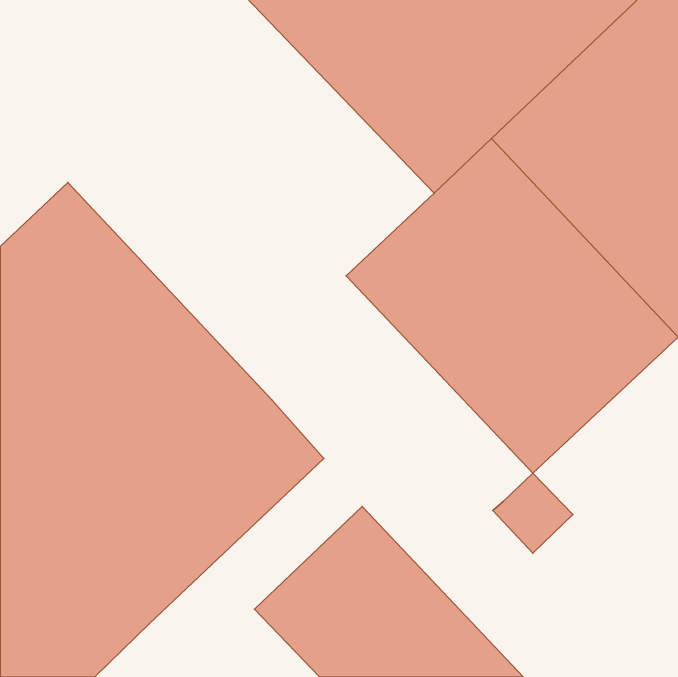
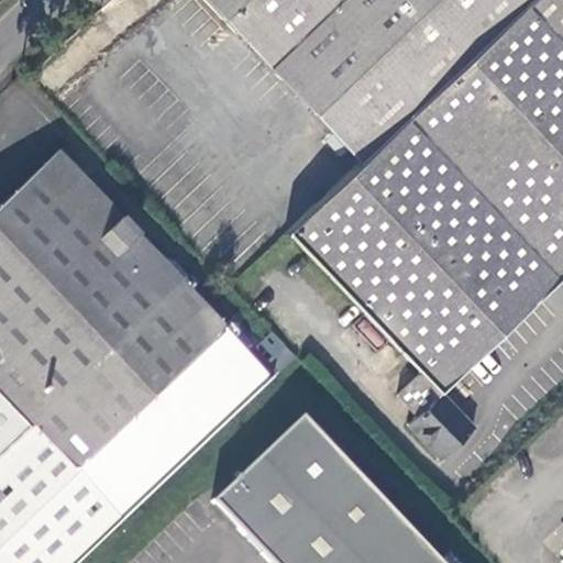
building: none -> [399,371,442,413]

